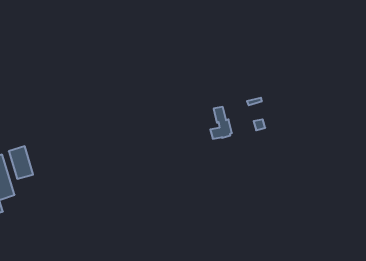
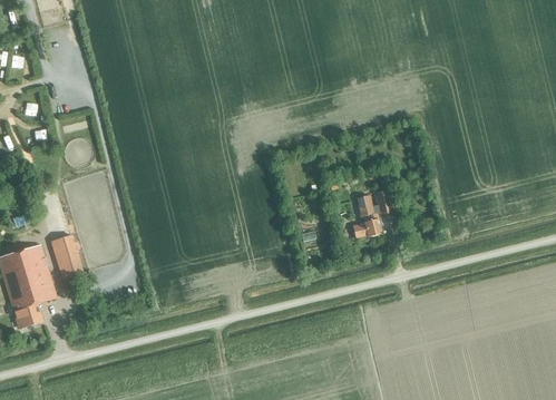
building: [210,107,232,139] -> [352,195,381,237]

